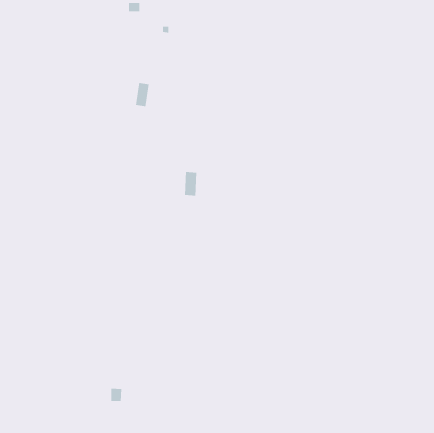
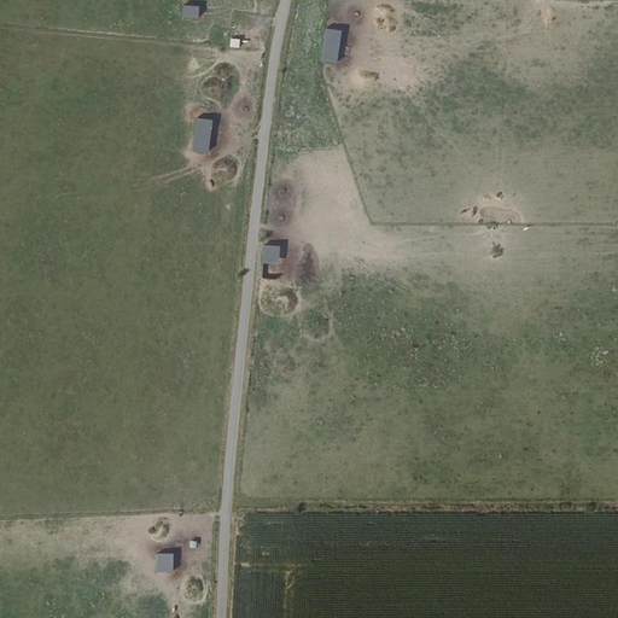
building: none -> [321,27,342,63]

